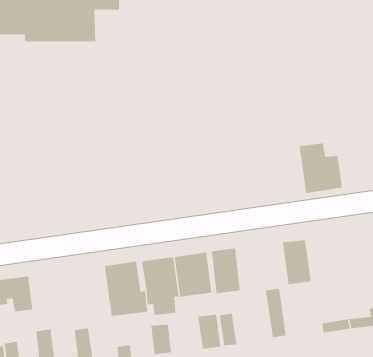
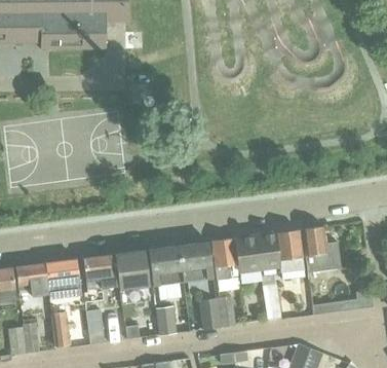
building: [299,143,343,194] -> [301,225,341,271]
building: none -> [234,231,281,275]
building: none -> [83,253,118,288]
building: none -> [45,258,80,297]

